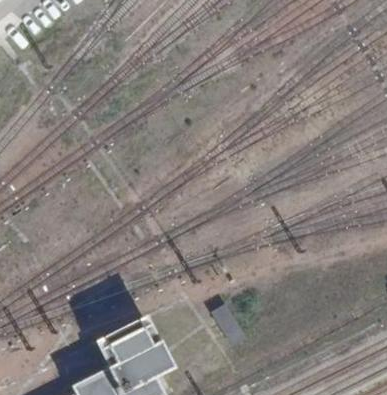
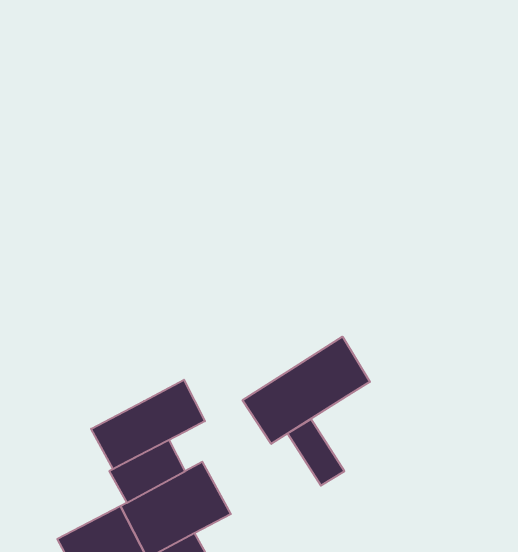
building: none -> [243,337,370,444]
building: none -> [91,380,205,469]

